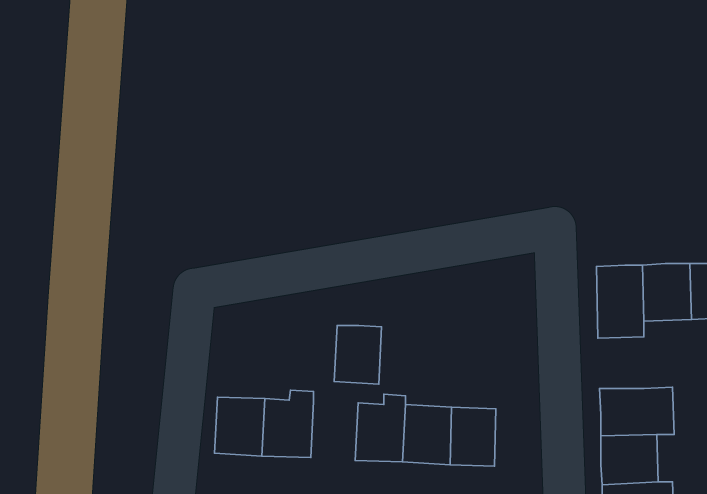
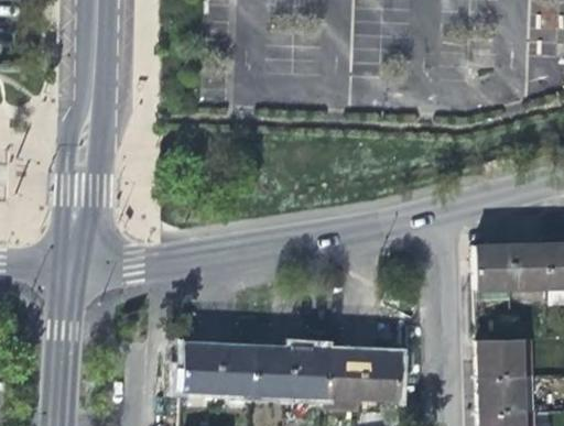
building: [334,325,382,384] -> [258,350,294,395]

